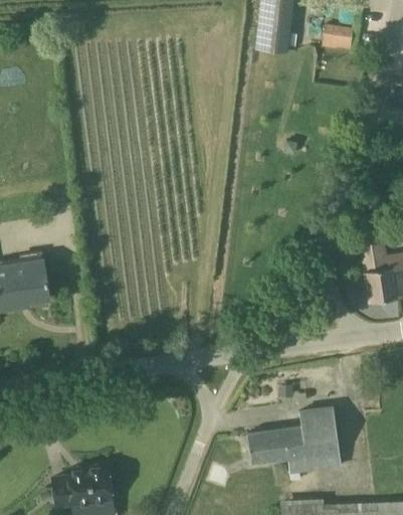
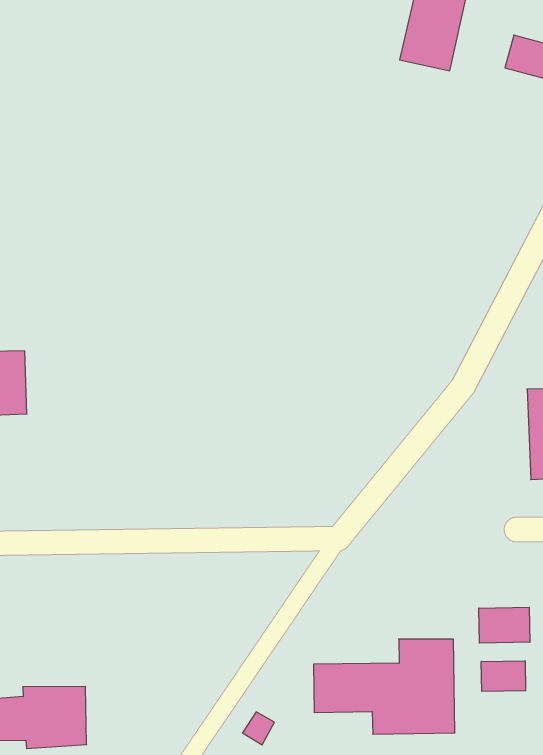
building: none -> [479,607,530,643]
building: none -> [481,661,526,691]

